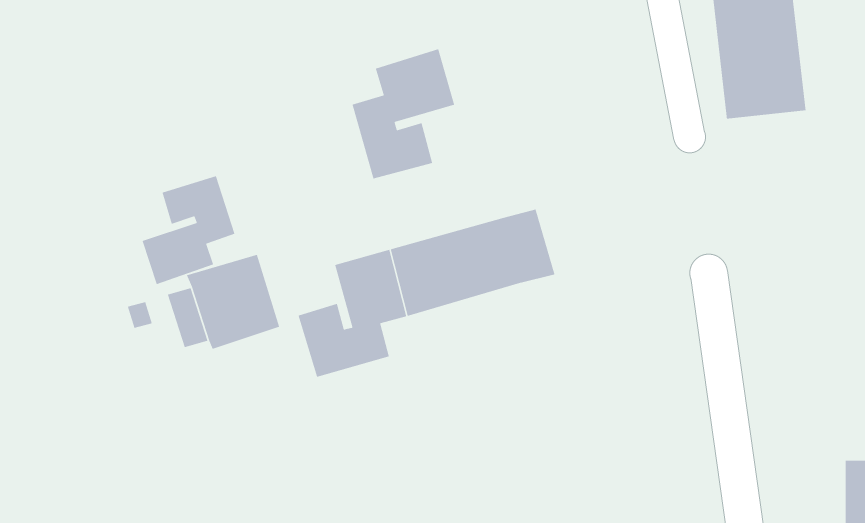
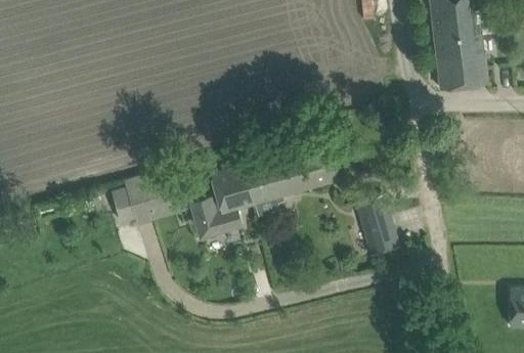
building: [352,48,455,180] -> none
building: [142,175,235,285] -> none
building: none -> [356,197,399,257]

